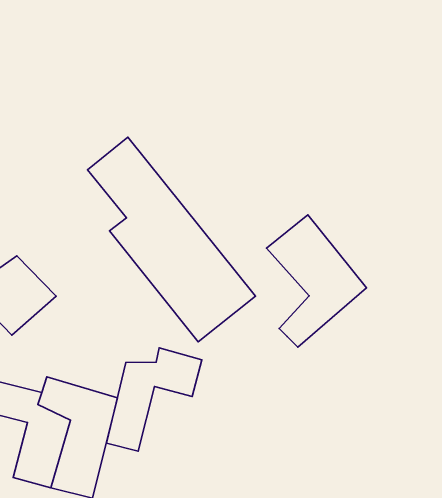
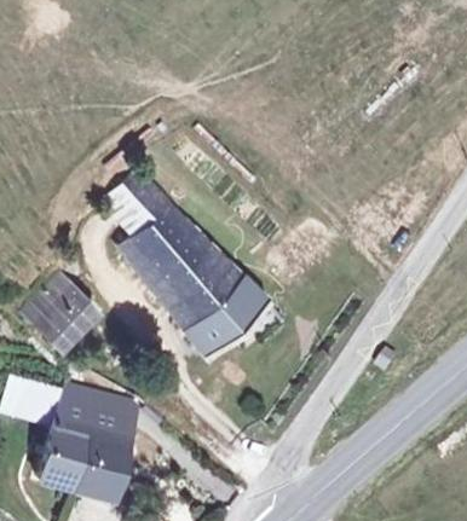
building: [266,215,367,347] -> none
building: [107,348,202,451] -> none

